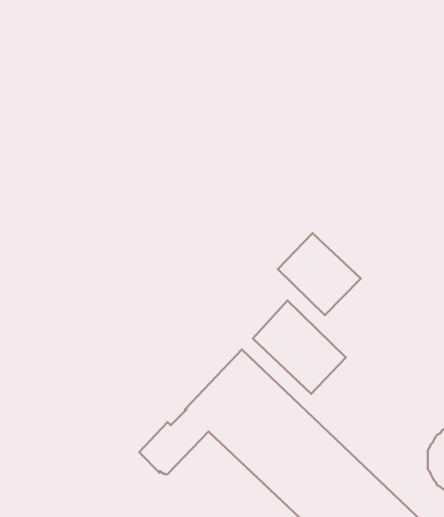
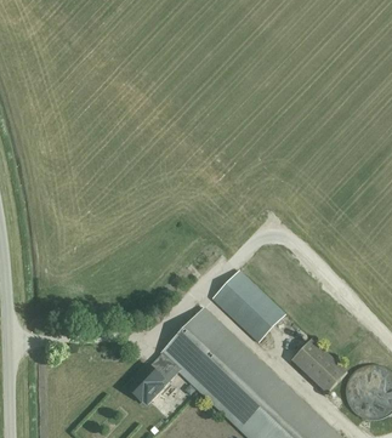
building: [278,233,361,315] -> none
building: none -> [291,339,347,393]

